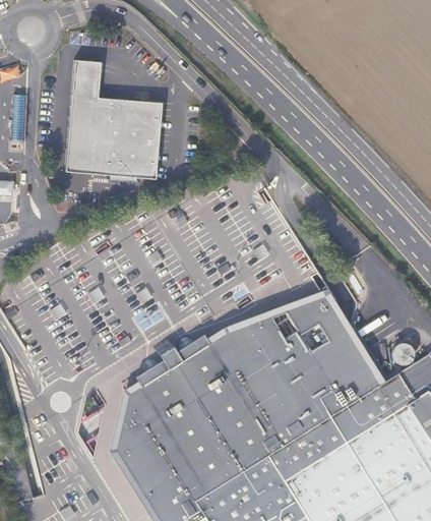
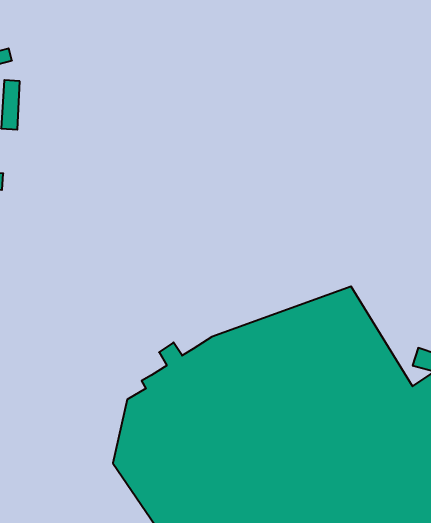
building: [65,61,163,182] -> none

